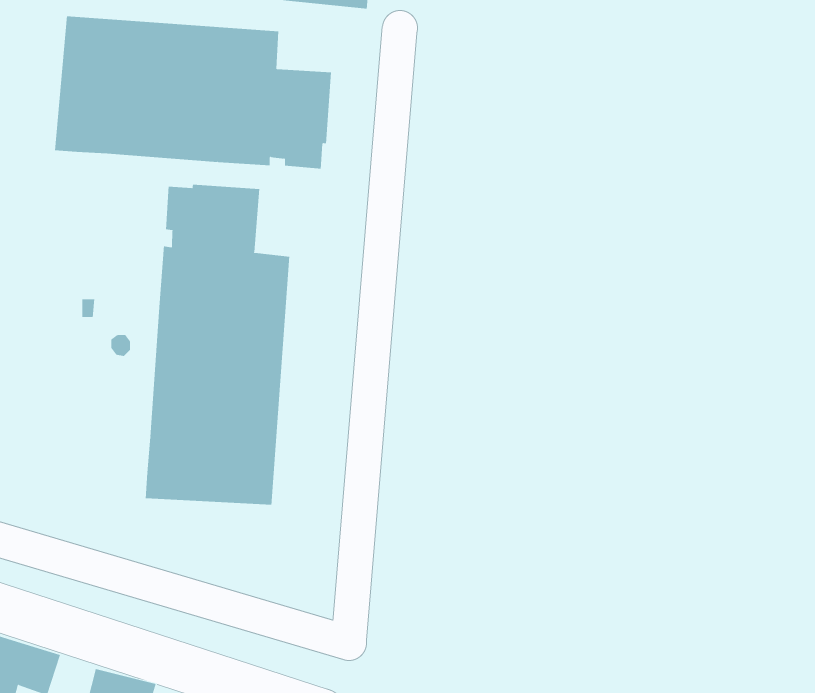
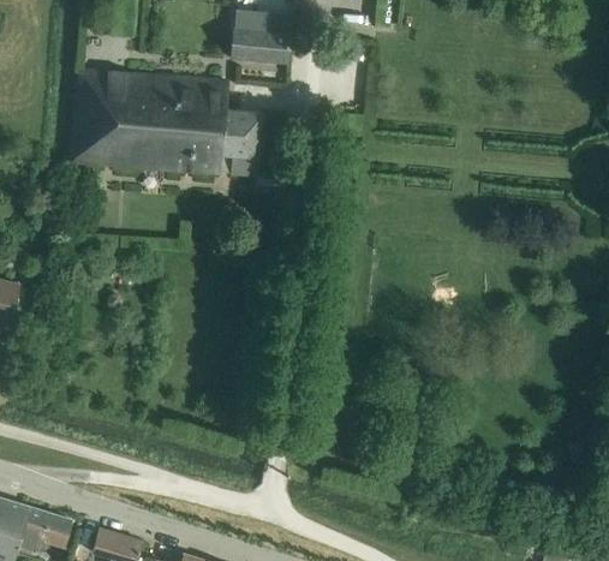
building: [145,184,290,505] -> none

